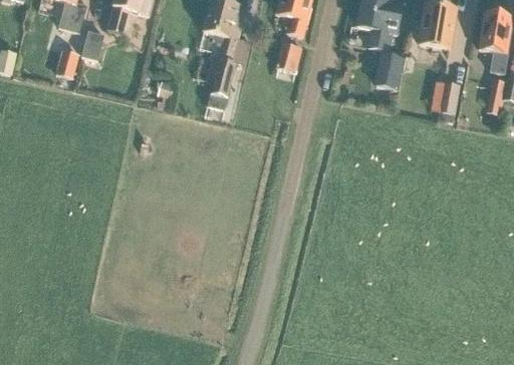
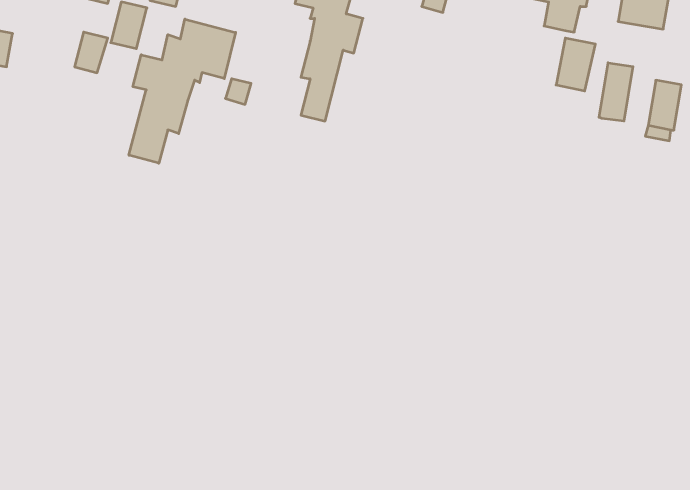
building: [275,40,302,71] -> none
building: none -> [129,19,236,163]
building: none -> [599,63,633,121]

